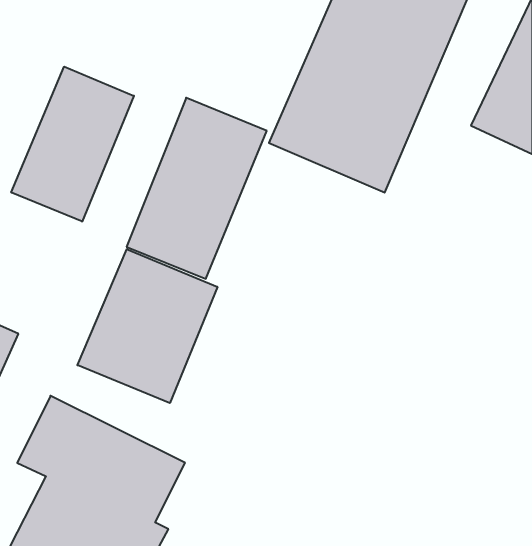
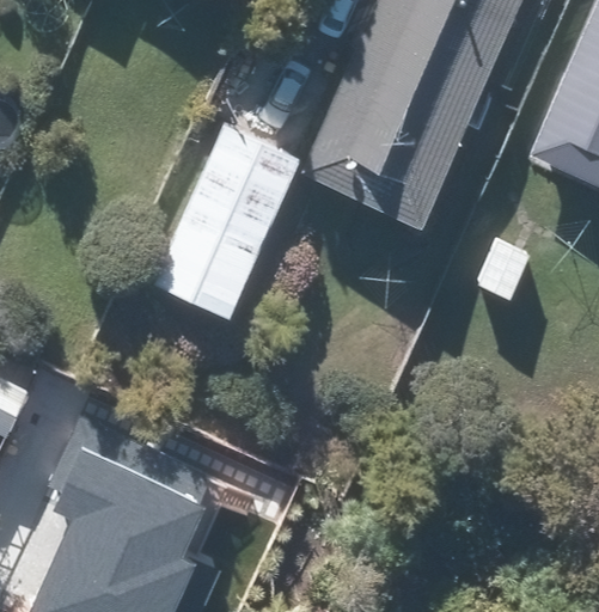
building: [11,67,134,222] -> none
building: [77,249,217,403] -> none

